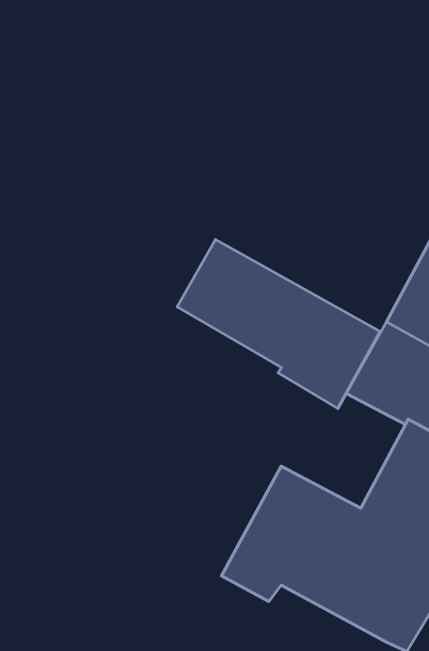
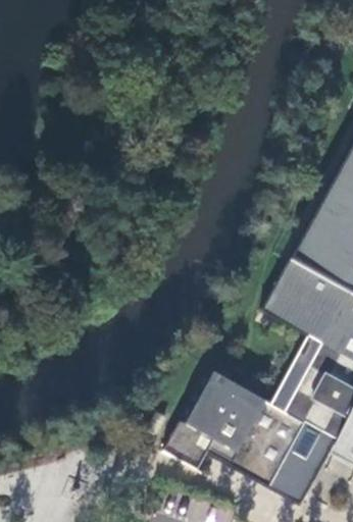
building: [177,239,380,408] -> none

